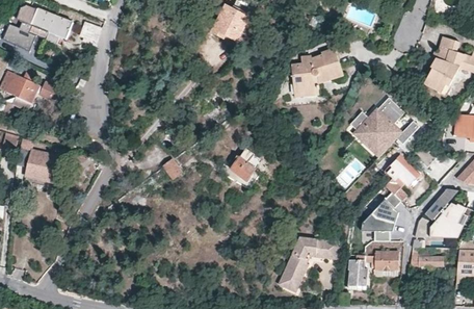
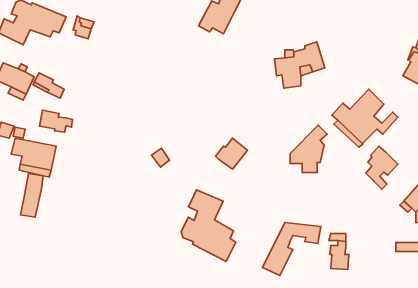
building: none -> [40,110,72,132]
building: none -> [20,173,43,217]
building: [363,191,401,240] -> [290,125,327,172]
building: none -> [181,190,236,262]
building: [372,252,398,275] -> none

